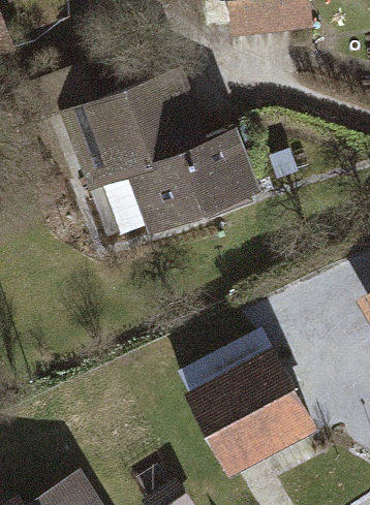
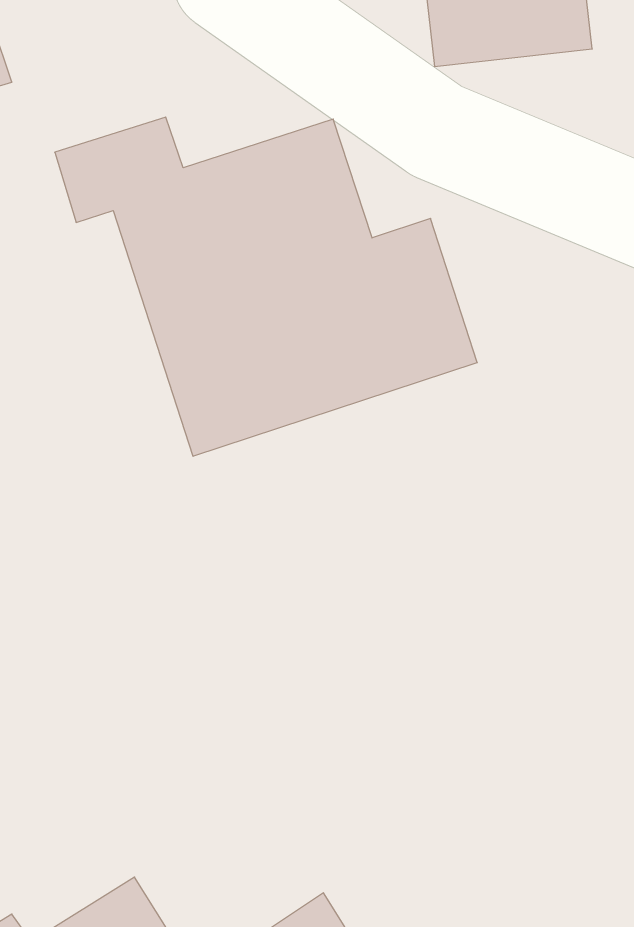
building: [179,328,315,475] -> none

